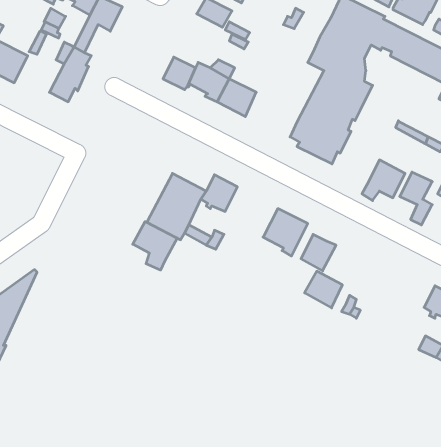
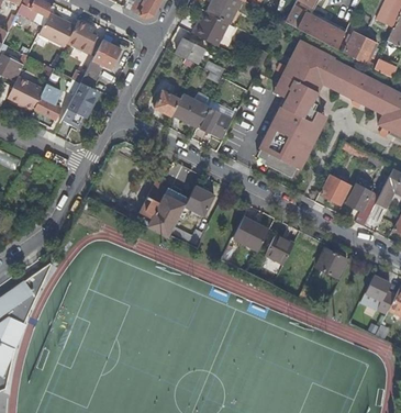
building: none -> [31,91,60,126]
building: [133,222,177,270] -> none
building: [305,271,342,308] -> [316,248,347,278]

